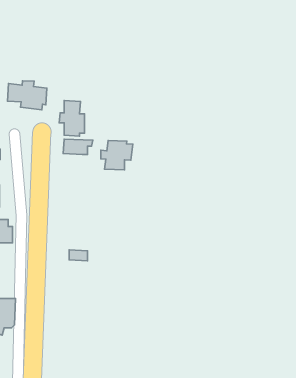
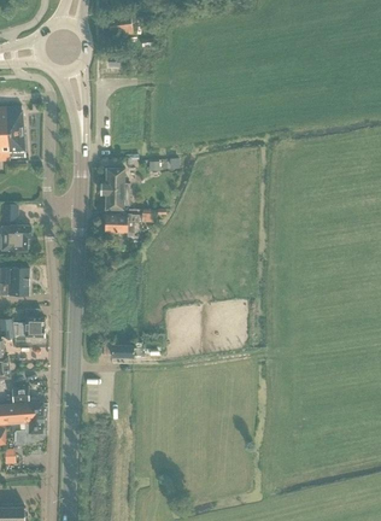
building: [7,81,47,110] -> none
building: [101,141,133,170] -> none

